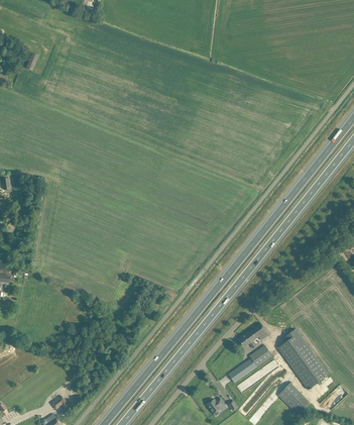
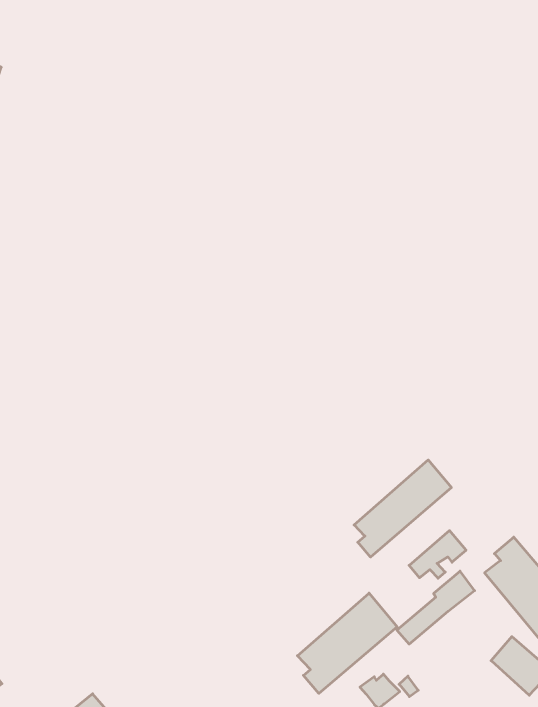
building: none -> [354,460,451,557]
building: none -> [297,593,397,693]

